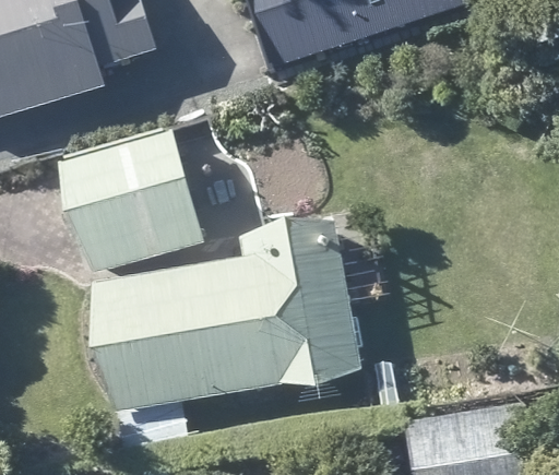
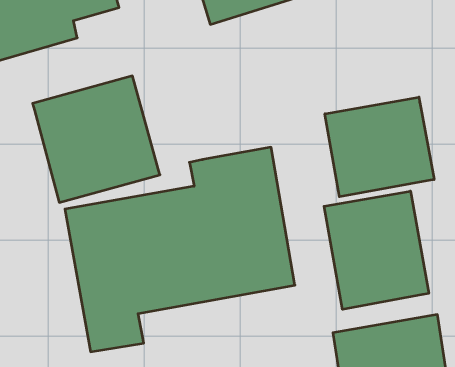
building: none -> [325,97,434,197]
building: none -> [324,191,429,309]

